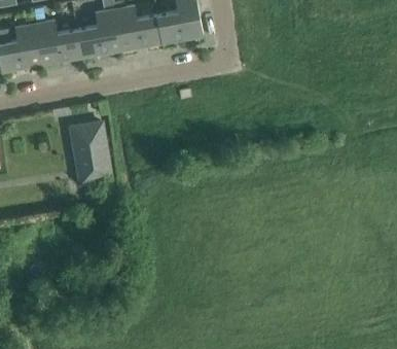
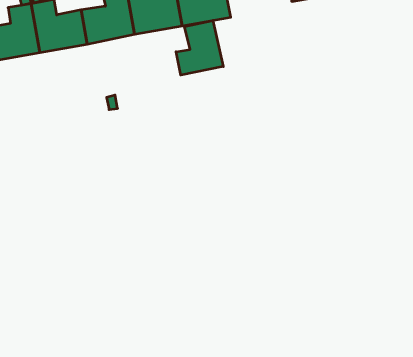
building: none -> [176,20,223,75]
building: [70,124,110,184] -> none

